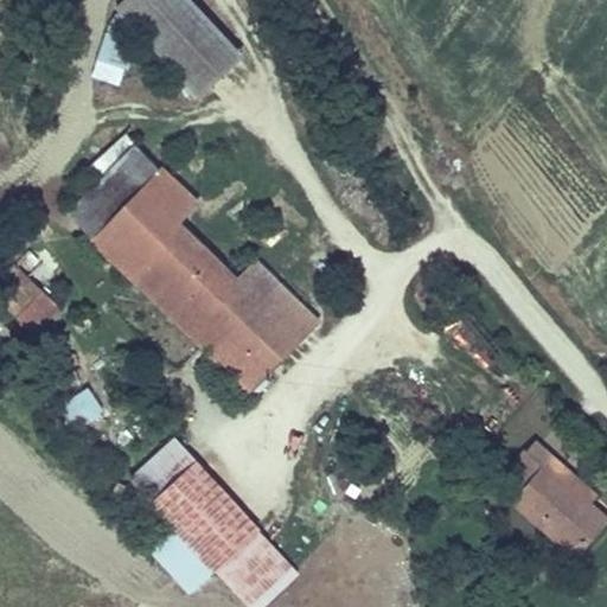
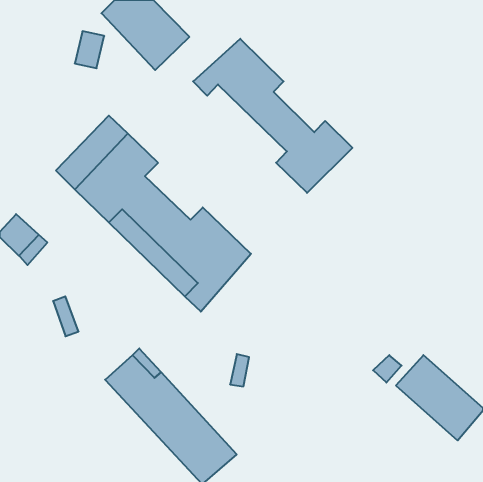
building: none -> [193,39,352,193]

